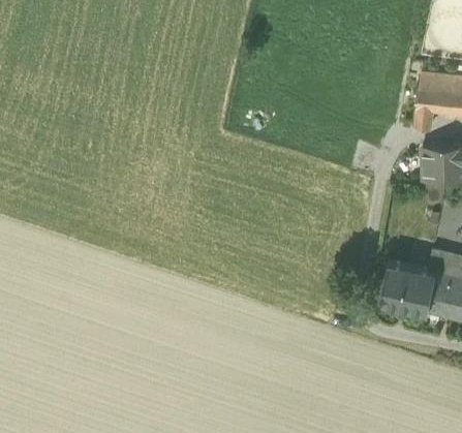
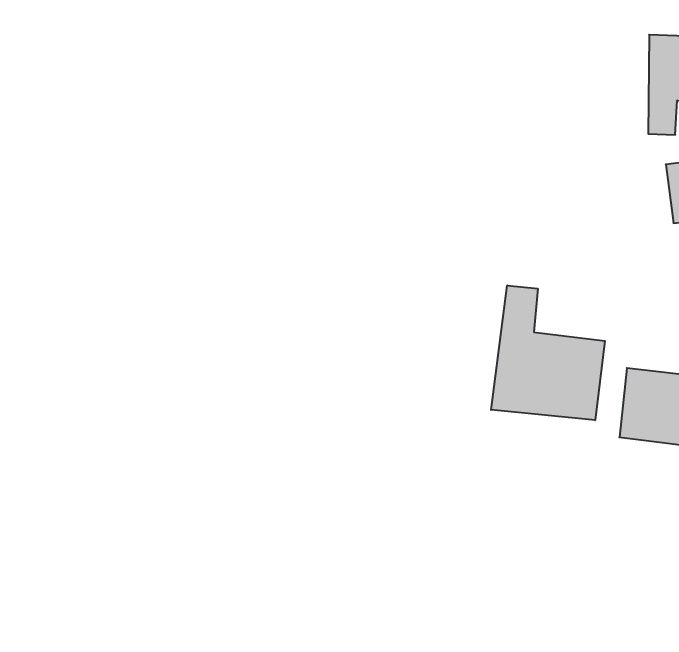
building: none -> [491,285,605,420]

